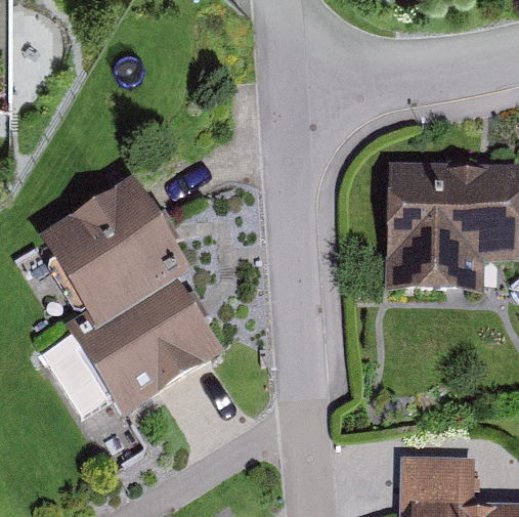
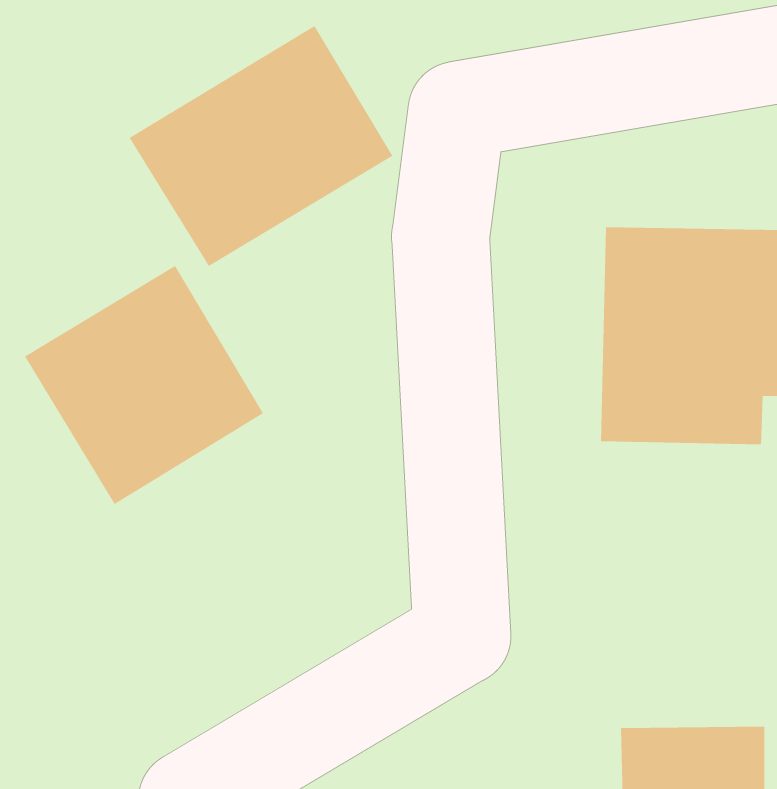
building: none -> [129,25,393,267]
building: [80,275,228,416] -> none

